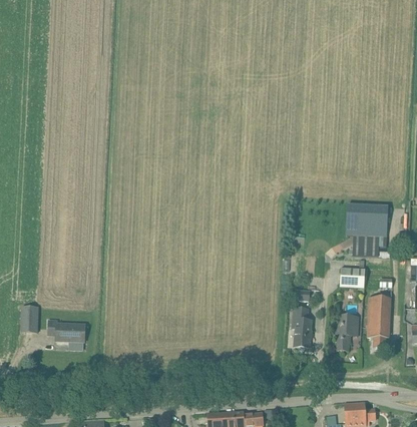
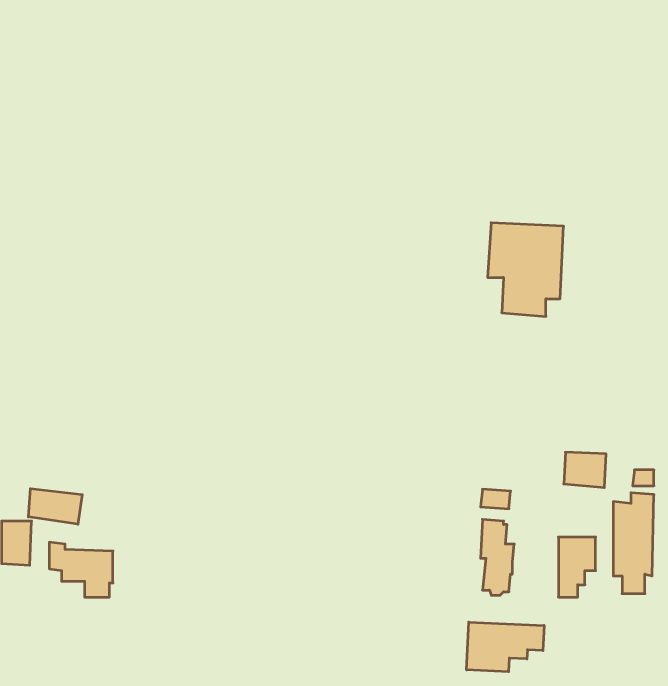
building: [345,203,388,257] -> [488,223,564,316]
building: none -> [28,489,82,524]
building: none -> [467,622,544,672]

